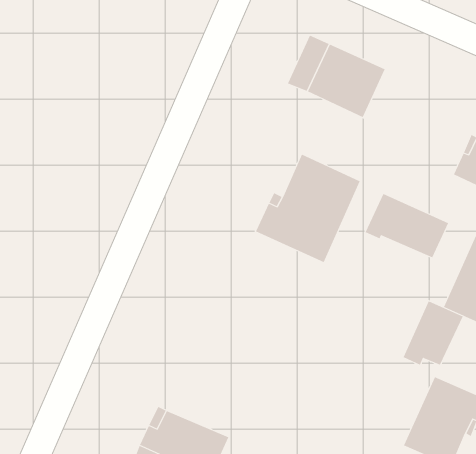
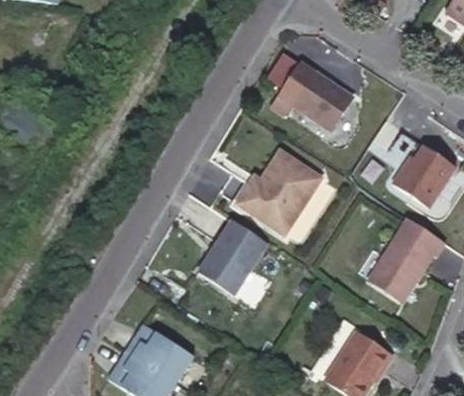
building: [365,193,449,258] -> none
building: none -> [198,220,267,294]
building: [403,300,464,365] -> none

